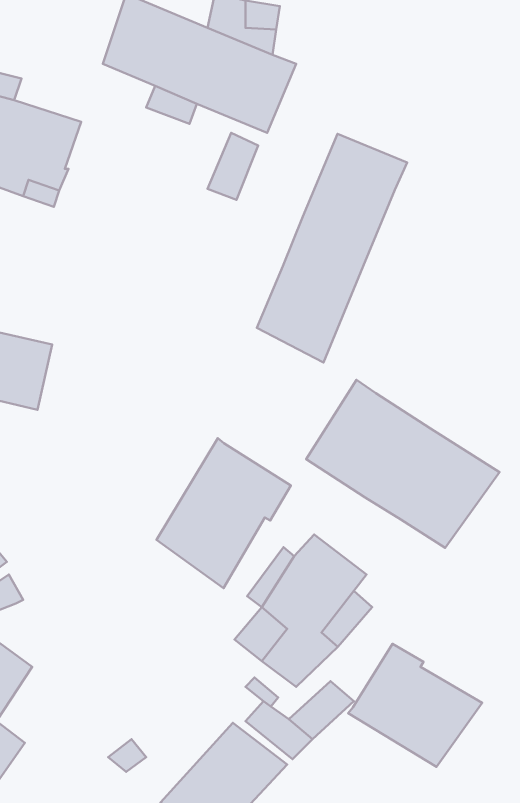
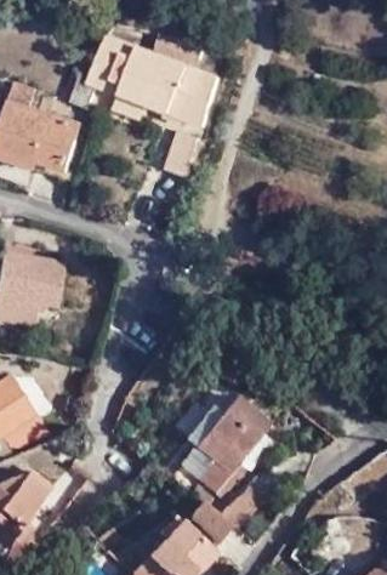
building: [257,134,407,362] -> none
building: [306,380,500,548] -> none
building: [156,438,291,588] -> none
building: [348,644,482,767] -> none

